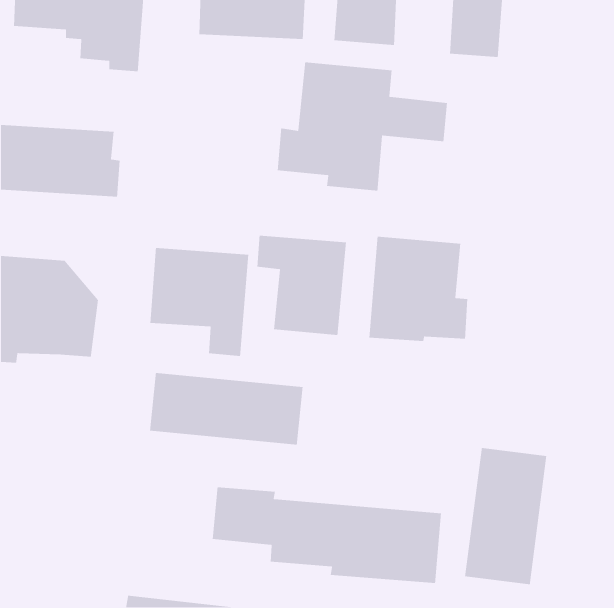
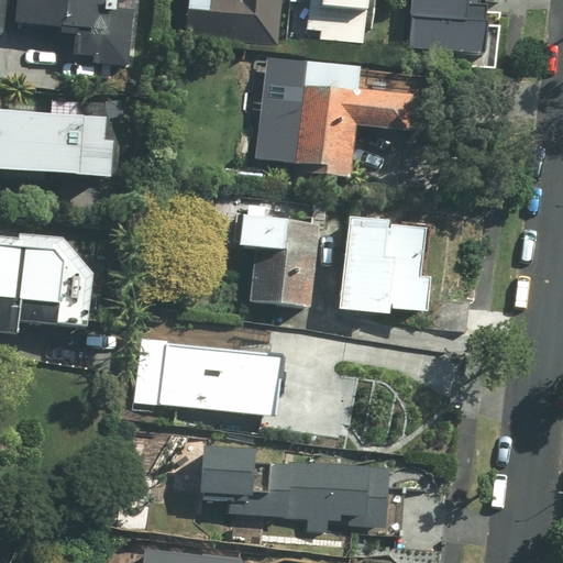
building: [150,247,249,357] -> none
building: [464,447,547,585] -> none

